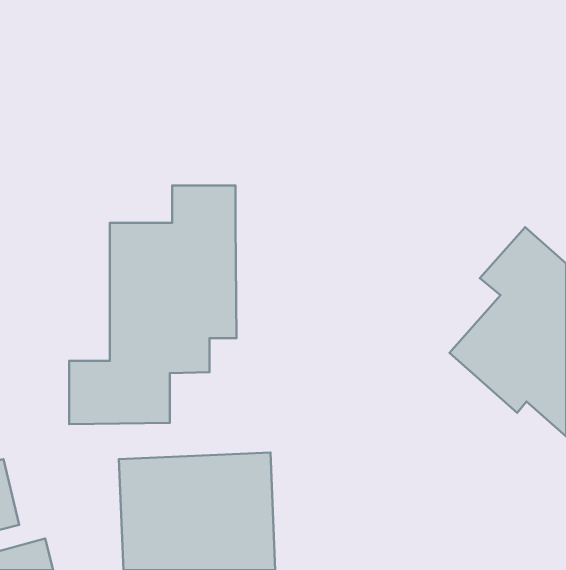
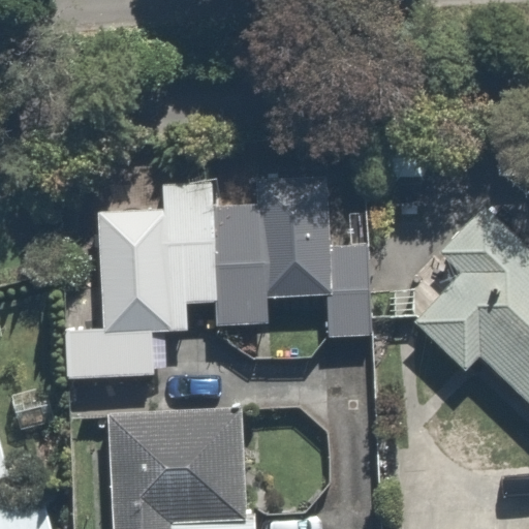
building: none -> [215,153,369,341]

